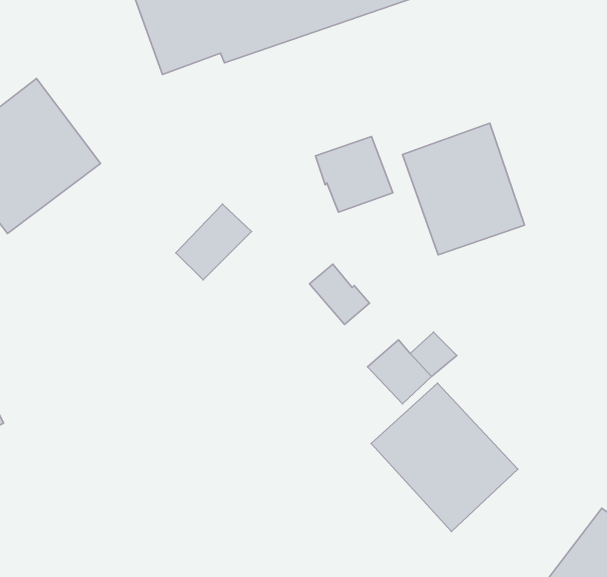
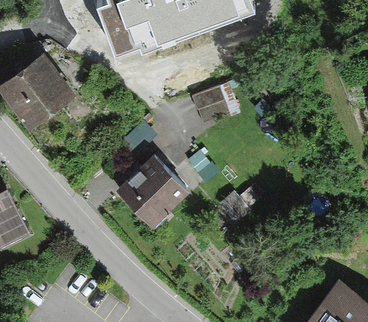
building: [402,123,525,255] -> none
building: none -> [115,156,189,230]
building: [371,383,518,531] -> none

